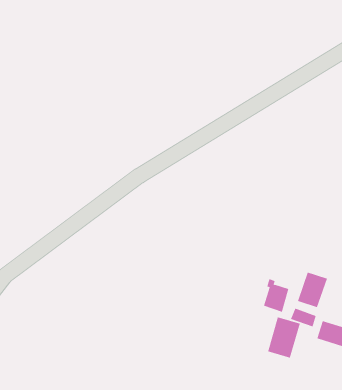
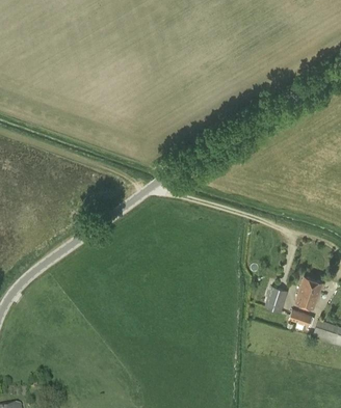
building: [268,316,300,359] -> none

